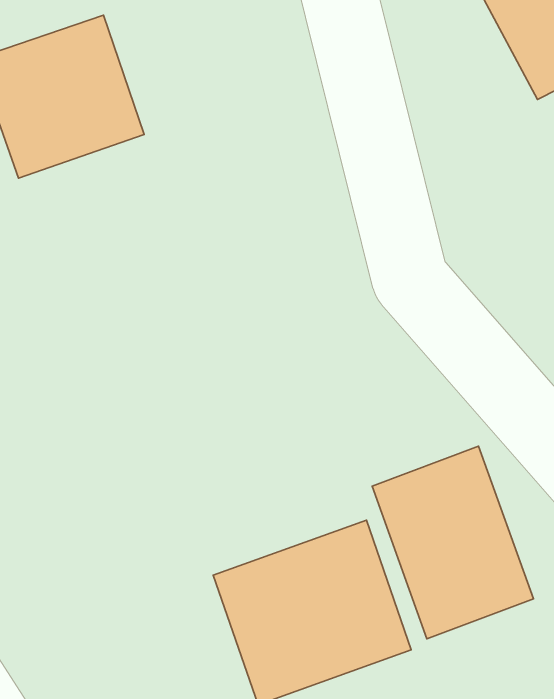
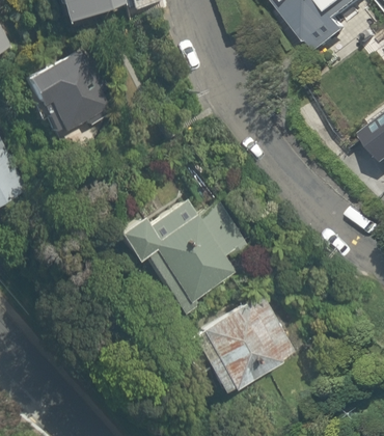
building: none -> [111,203,243,304]
building: [372,446,533,639] -> none

